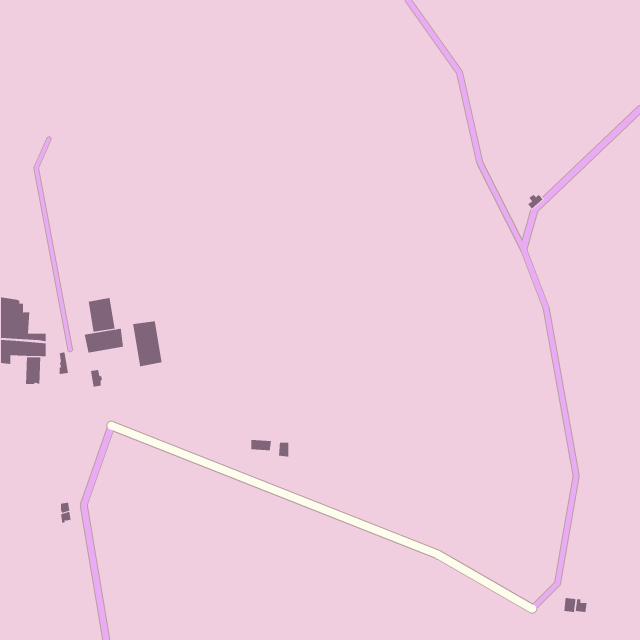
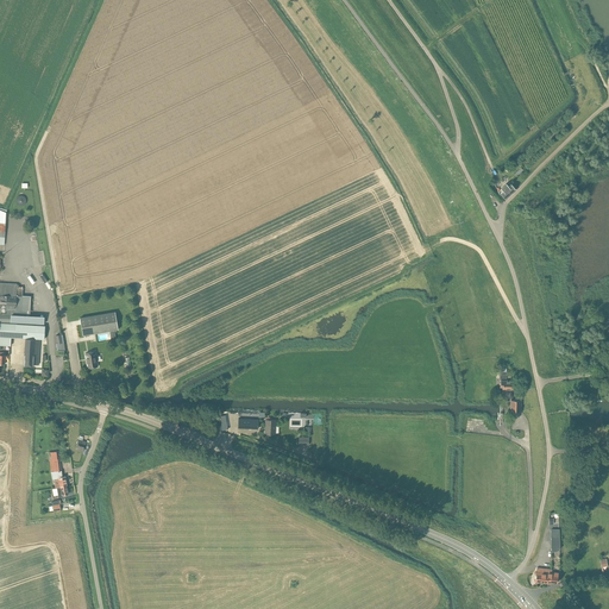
building: [88,297,115,332] -> none
building: [132,320,162,367] -> none

